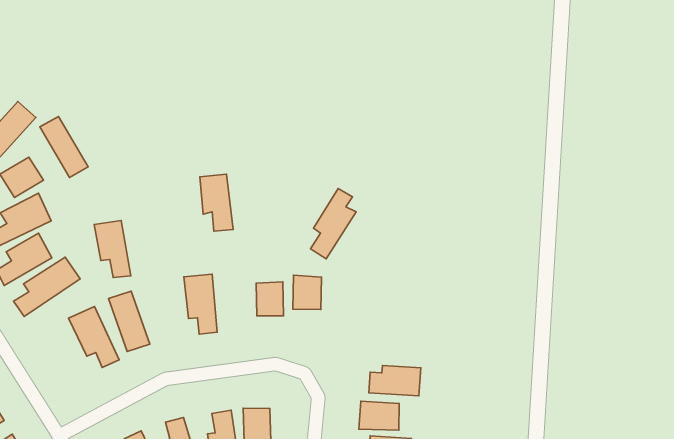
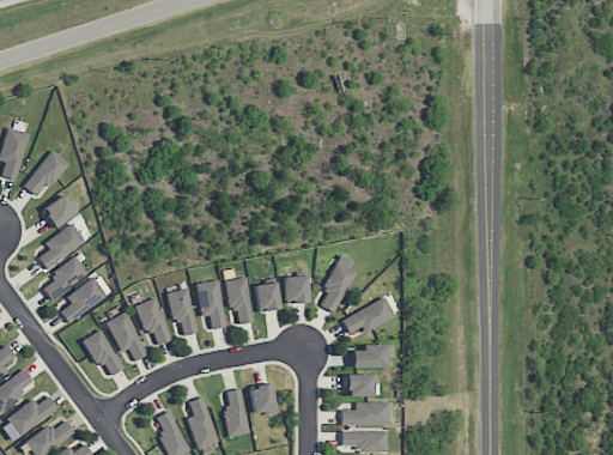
building: [40,116,88,177] -> none
building: [200,174,233,231] -> [225,277,255,323]
building: [311,188,356,259] -> [321,254,356,311]
building: [94,220,131,278] -> [166,287,199,334]
building: none -> [341,297,394,333]
building: none -> [83,328,122,375]

